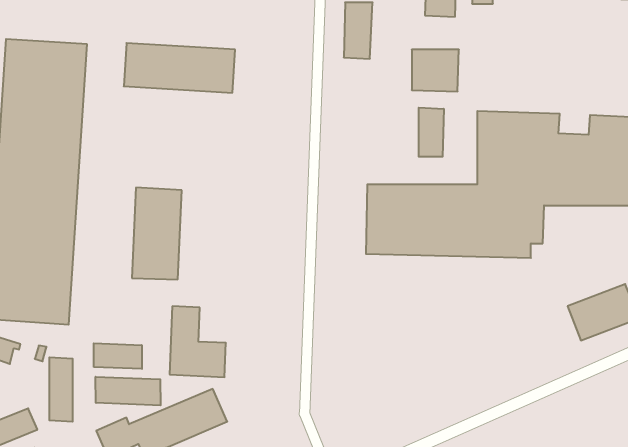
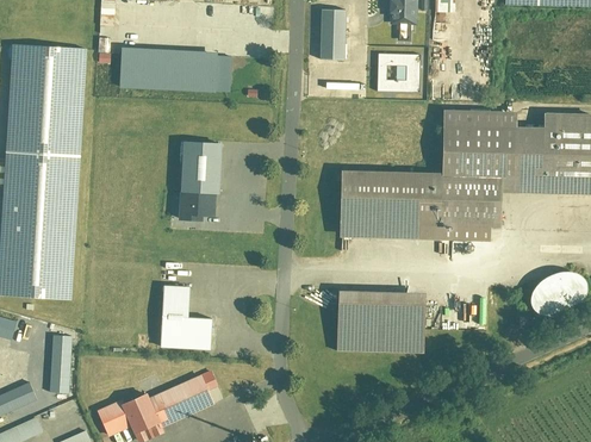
building: [419,108,444,157] -> none
building: [132,188,182,279] -> [178,139,223,223]
building: none -> [335,293,423,354]
building: [94,343,142,369] -> none
building: [96,377,161,405] -> none

